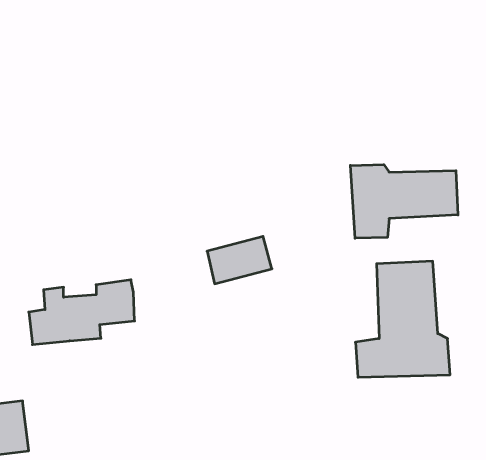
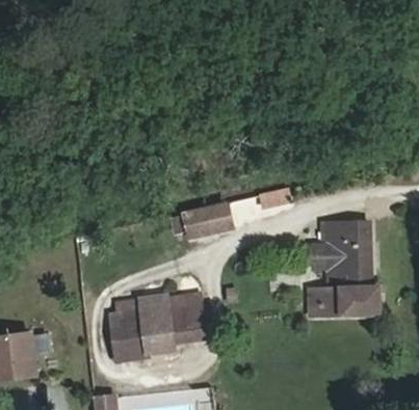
building: [350,165,458,238] -> none
building: [29,280,135,345] -> [109,302,198,356]

